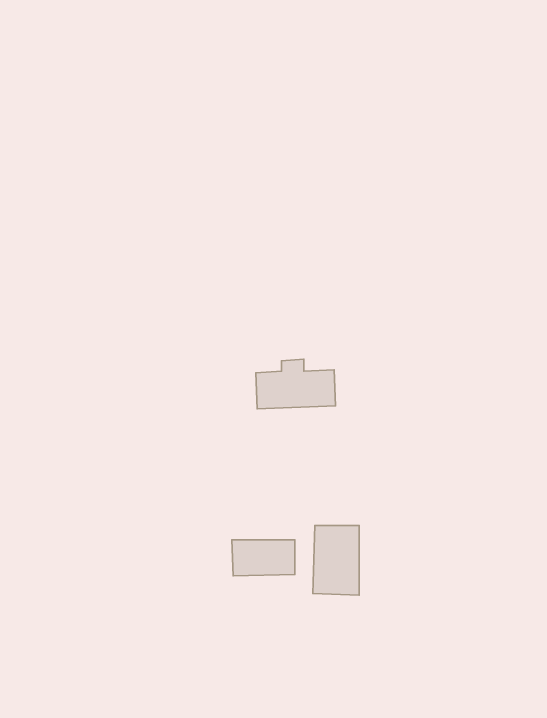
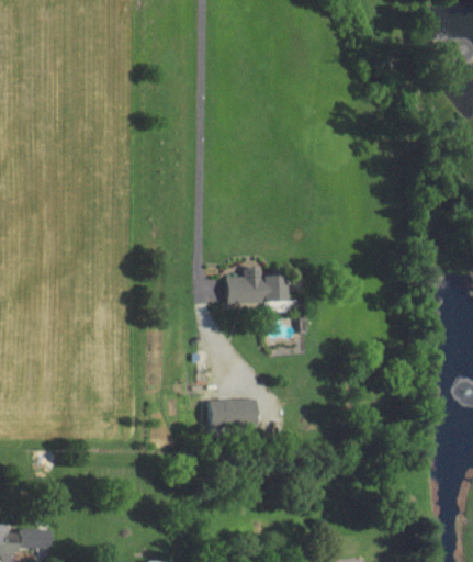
building: [313,526,359,595] -> none

